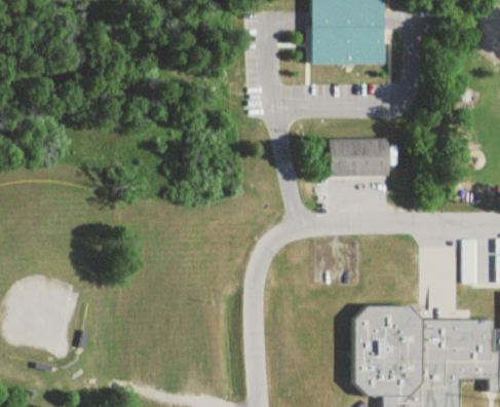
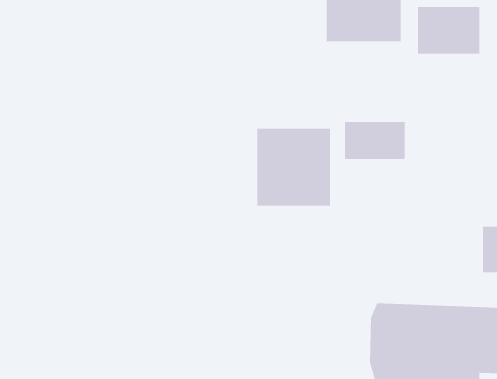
building: none -> [417,6,480,54]
building: none -> [257,128,331,206]

